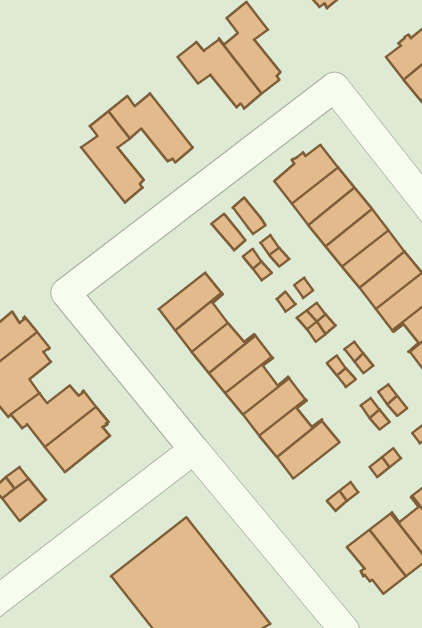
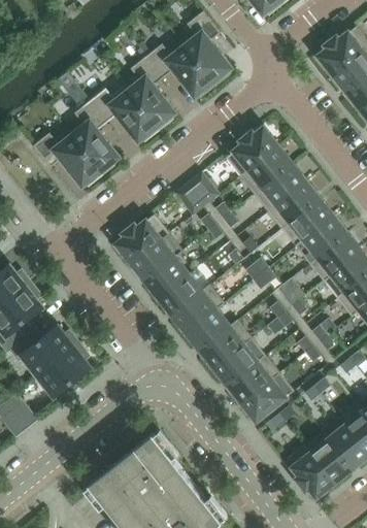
building: none -> [124,56,175,130]
building: none -> [33,130,103,187]
building: none -> [115,214,169,263]
building: none -> [241,372,286,421]

